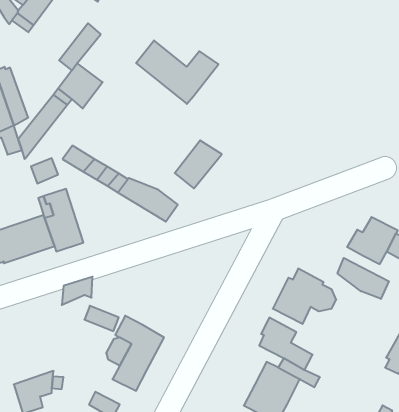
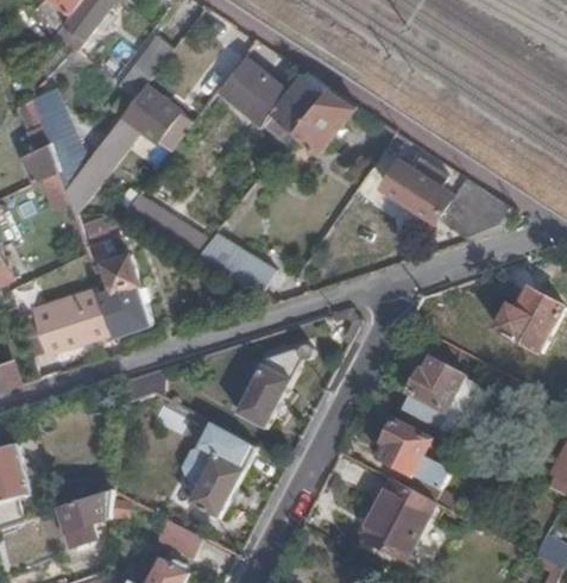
building: none -> [383,158,514,239]
building: [175,140,222,188] -> [294,88,355,151]
building: [338,258,389,299] -> none
building: none -> [237,345,313,427]

